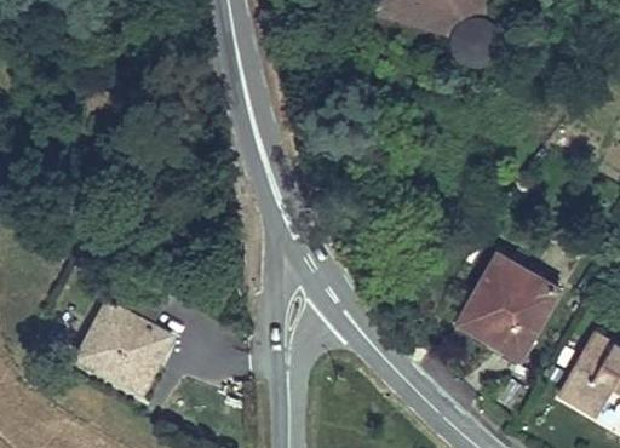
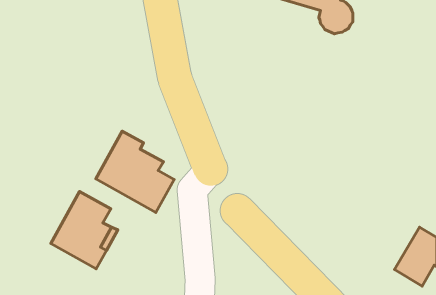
building: none -> [96,131,174,212]
building: [459,257,559,360] -> none

